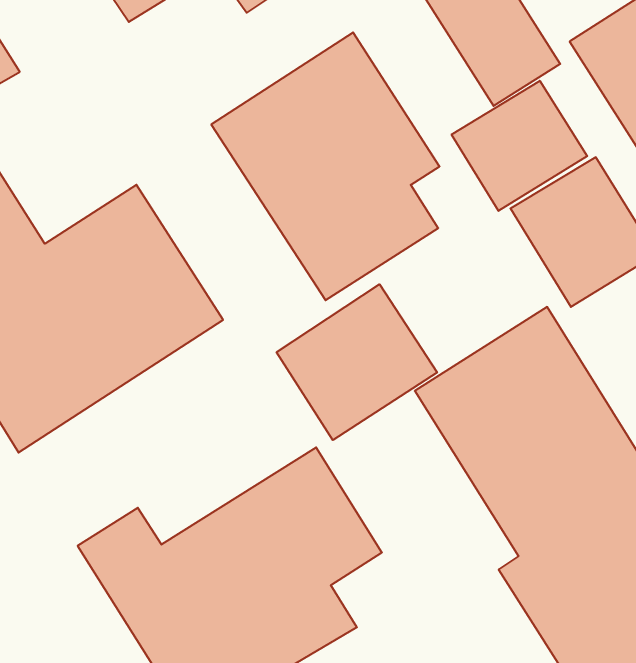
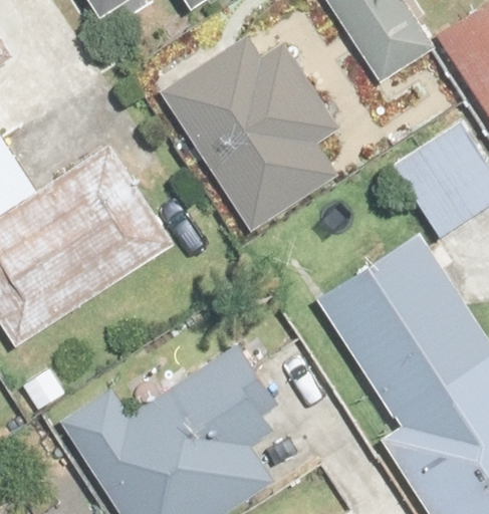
building: [452,81,587,211] -> none
building: [277,284,437,440] -> none

